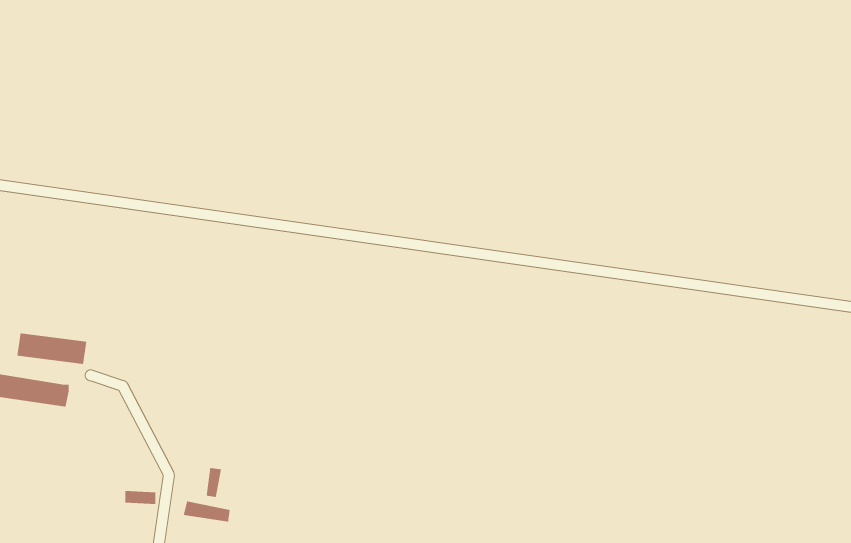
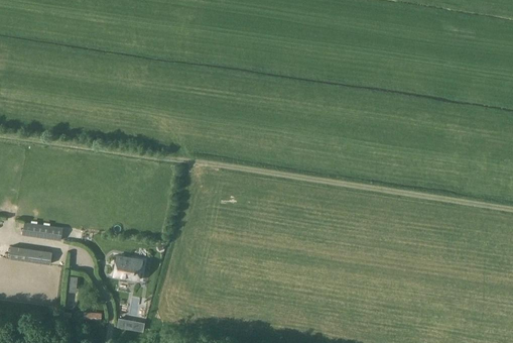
building: none -> [114,255,142,280]

